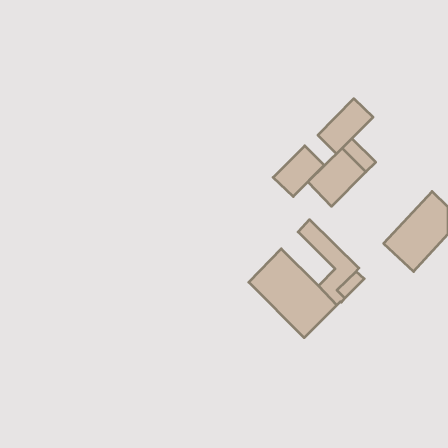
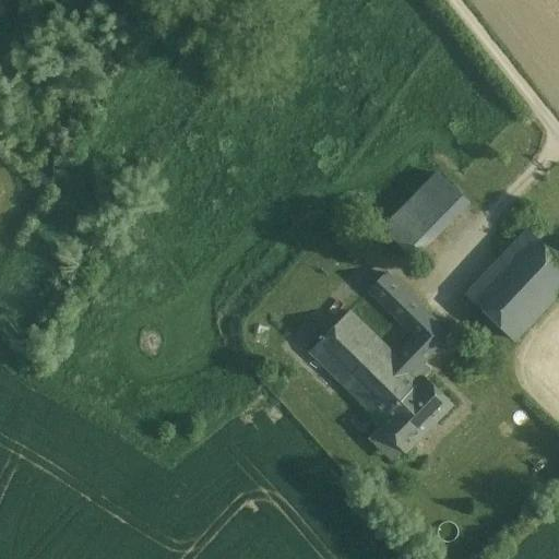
building: [318,99,373,154] -> none
building: [273,146,324,197] -> none
building: none -> [373,373,450,451]

